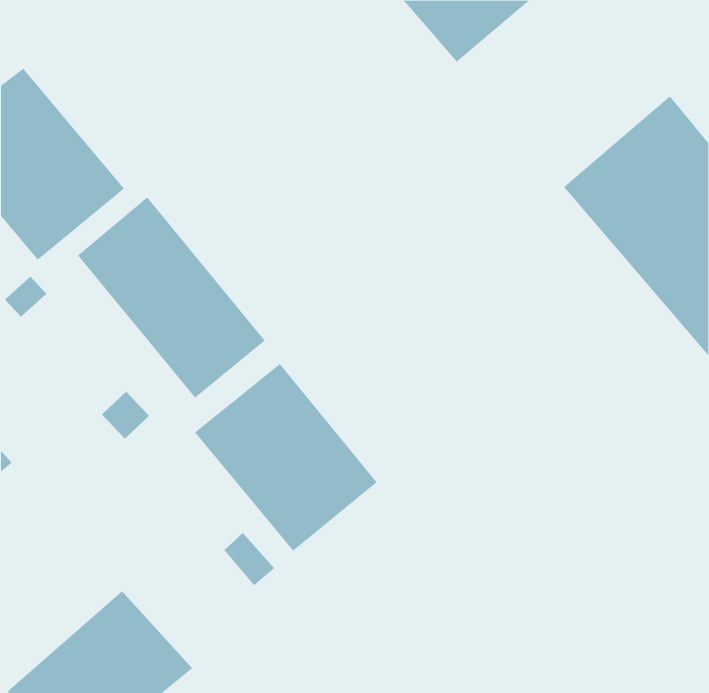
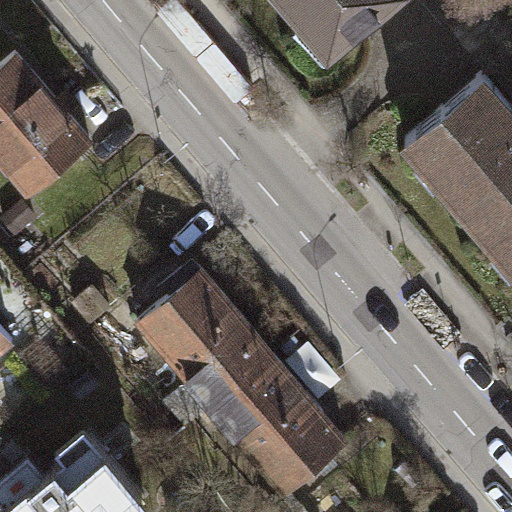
building: [77,196,265,398] -> none
building: none -> [211,359,343,495]

